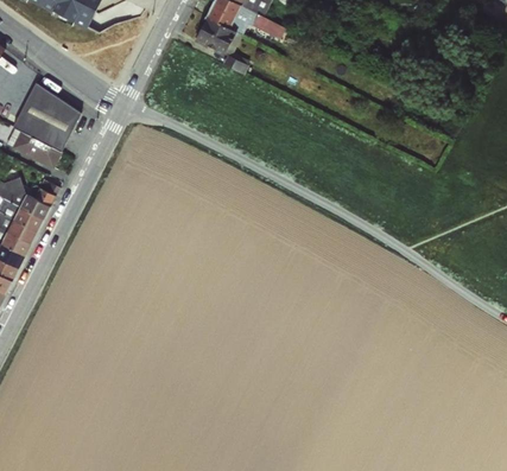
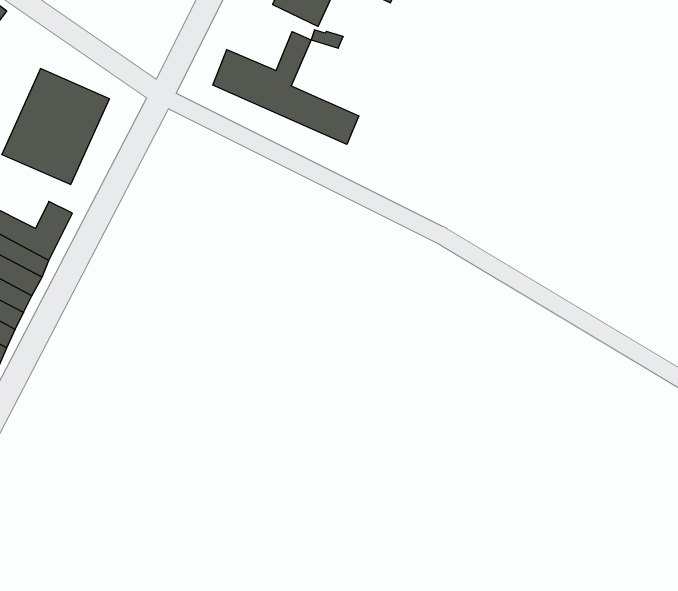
building: none -> [213,32,359,144]

